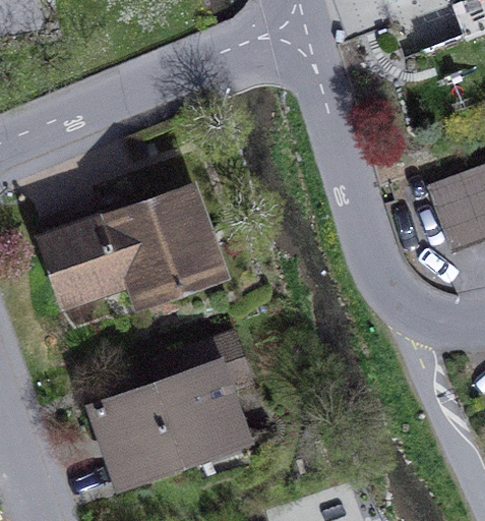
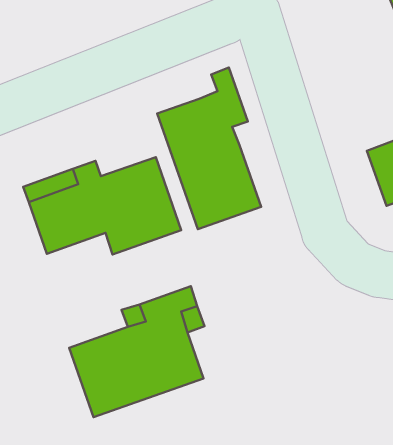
building: none -> [157,67,261,229]

